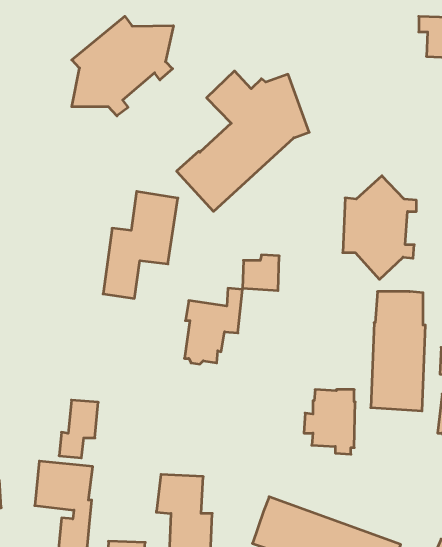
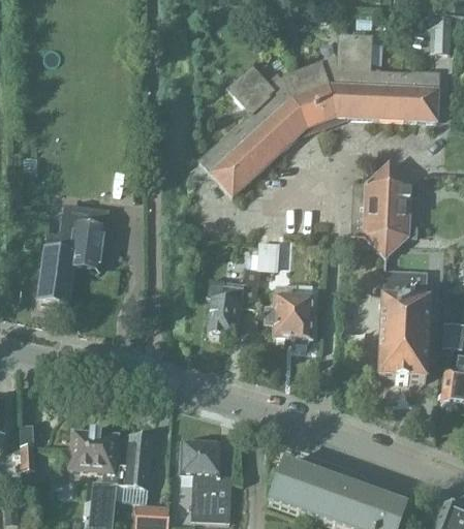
building: [72,16,173,116] -> none
building: none -> [302,35,439,123]
building: [103,191,178,298] -> [39,206,109,305]
building: [304,390,355,454] -> [266,285,313,345]
building: [59,400,98,458] -> [118,434,154,488]

